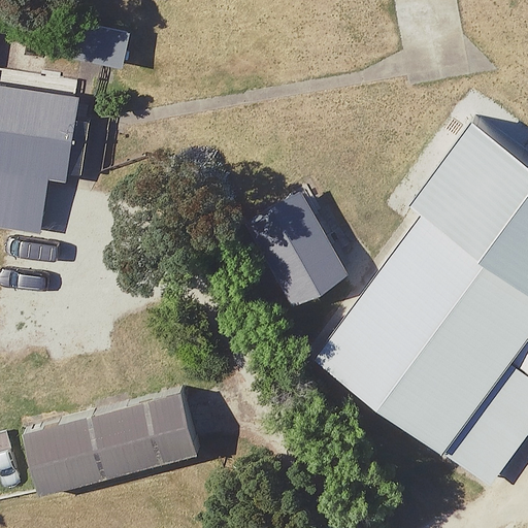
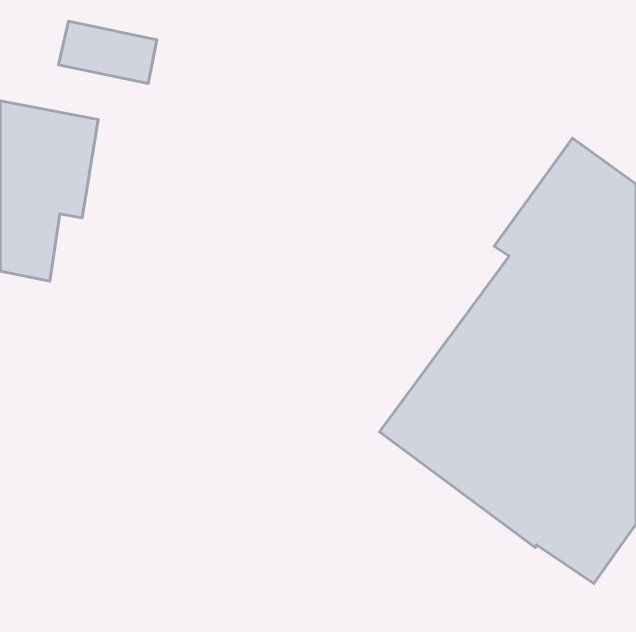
building: [245,191,351,306] -> none
building: [24,388,202,499] -> none

